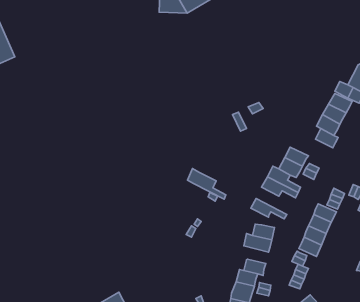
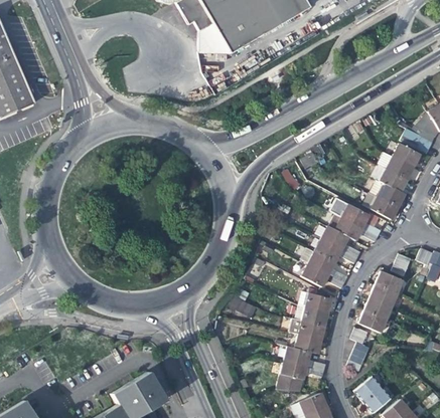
building: none -> [363,192,399,219]
building: [187,169,226,199] -> [303,248,347,283]
building: none -> [292,319,324,340]

